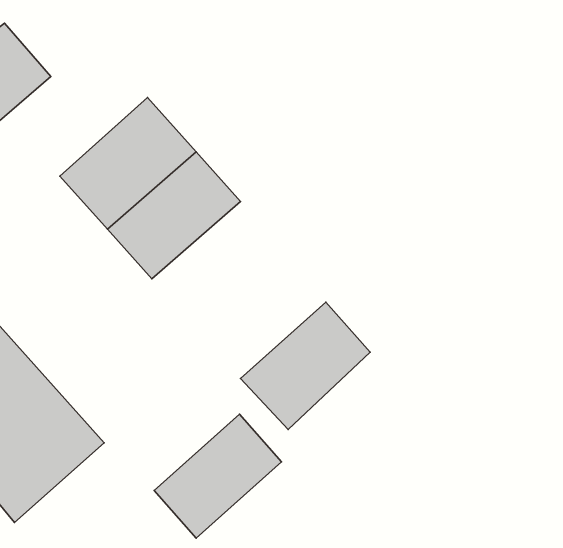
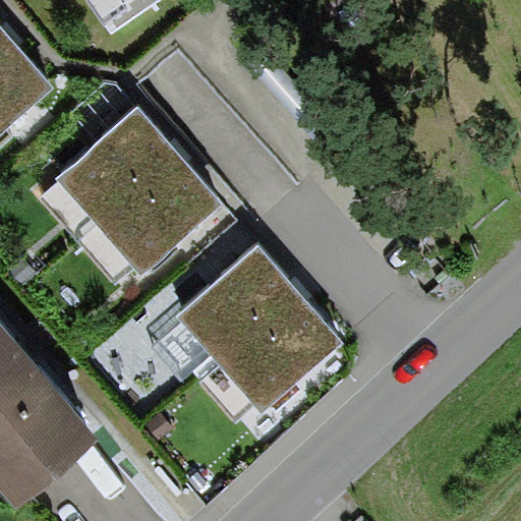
building: none -> [178,247,299,364]
building: [154,414,281,538] -> none

